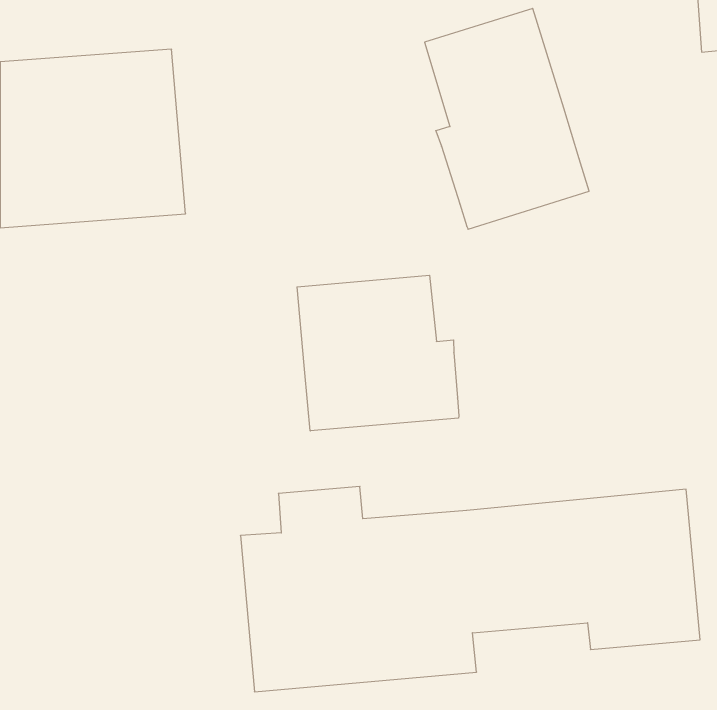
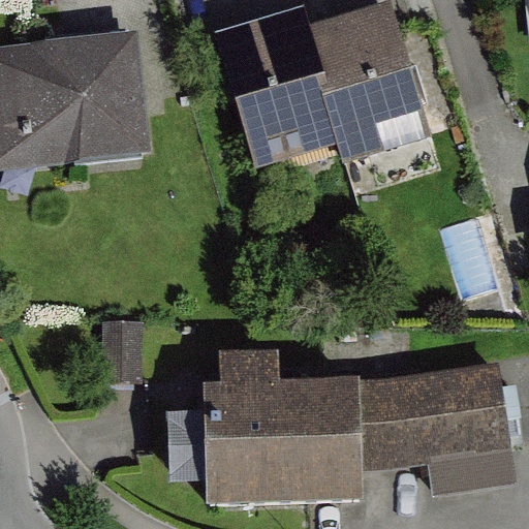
building: none -> [217,10,339,175]
building: [297,275,459,431] -> none

